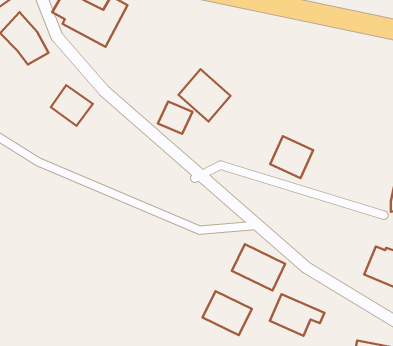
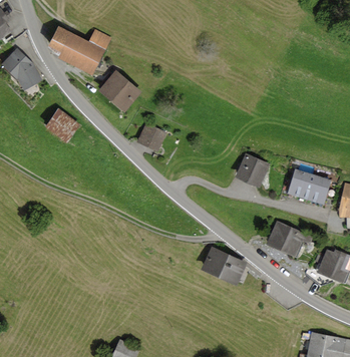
building: [178,69,231,121] -> [97,69,142,114]
building: none -> [287,168,332,205]
building: [202,291,252,335] -> none
building: [270,294,324,336] -> [268,221,315,257]

